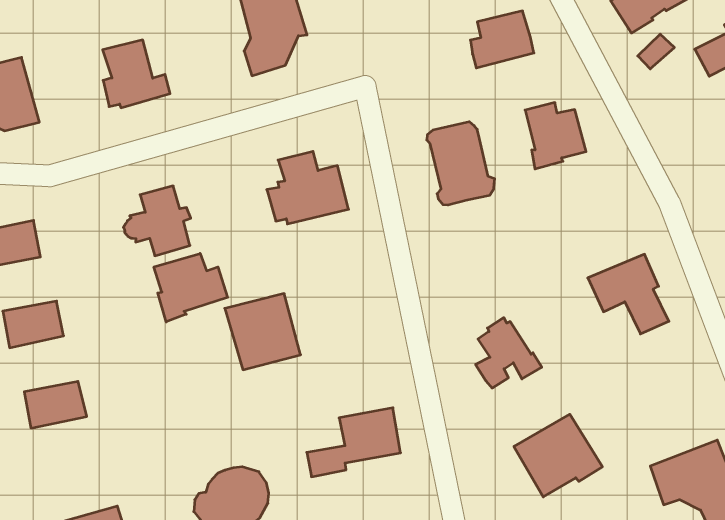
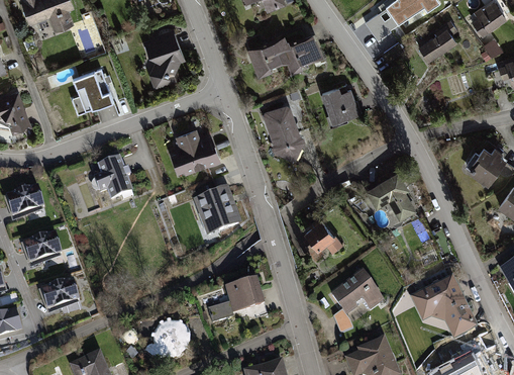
building: none -> [245,35,289,73]
building: [154,253,228,322] -> none
building: [225,294,301,370] -> [193,187,240,235]

